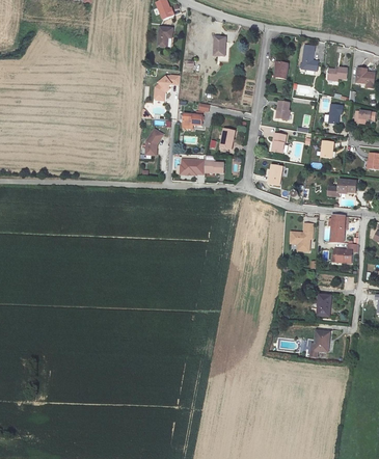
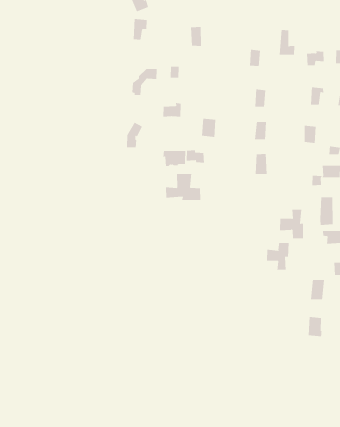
building: none -> [166,173,201,201]
building: none -> [266,242,289,271]

